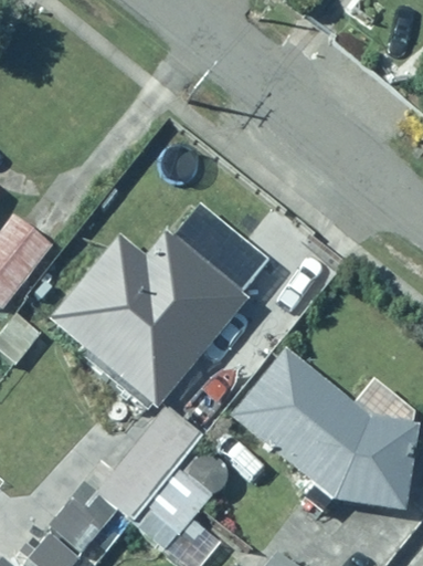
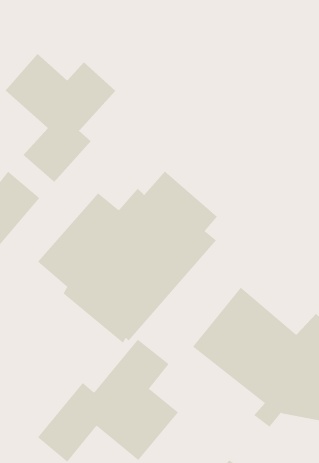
building: none -> [5,53,116,183]

